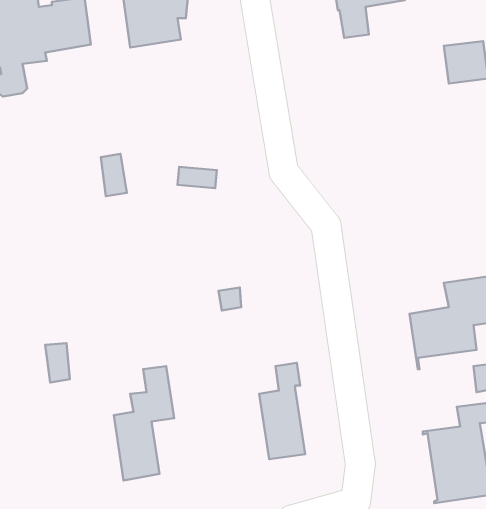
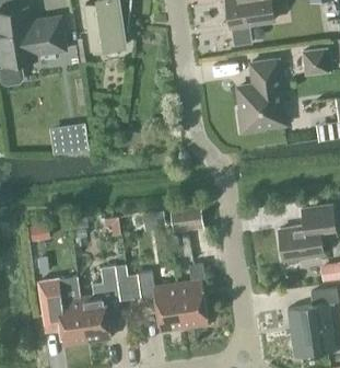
building: none -> [237,58,284,133]
building: none -> [169,206,203,232]
building: none -> [136,272,184,331]
building: none -> [38,276,86,345]

